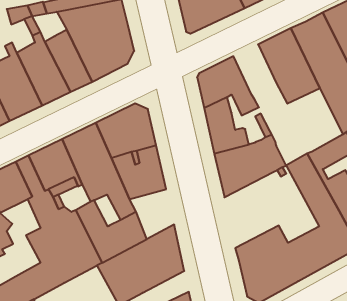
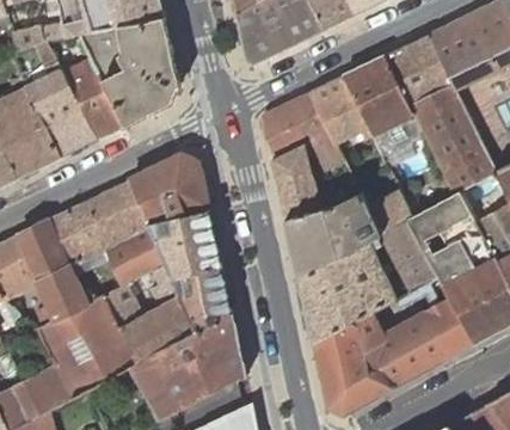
building: none -> [309,76,365,142]
building: none -> [365,191,412,235]
building: none -> [297,244,389,344]
building: none -> [173,266,232,332]

